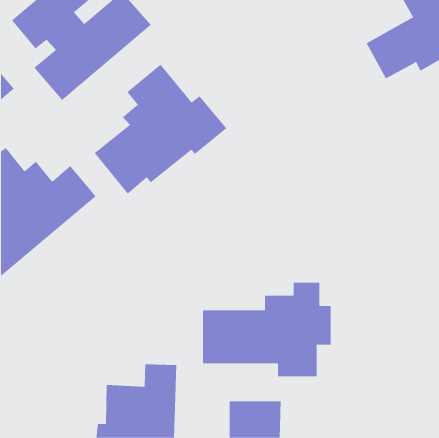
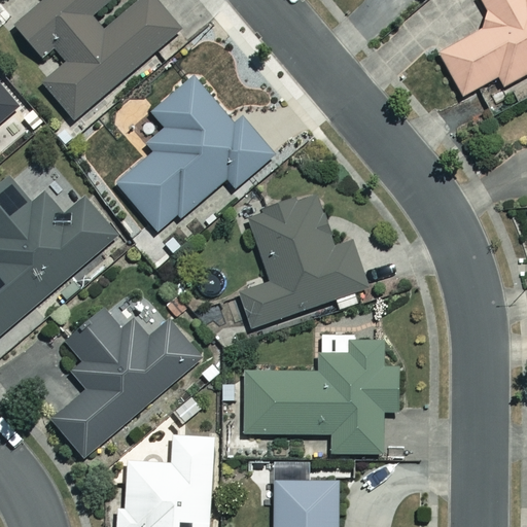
building: none -> [239,194,365,326]
building: none -> [51,308,200,456]

